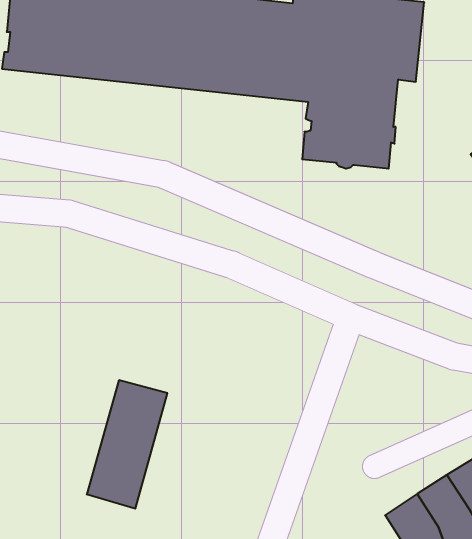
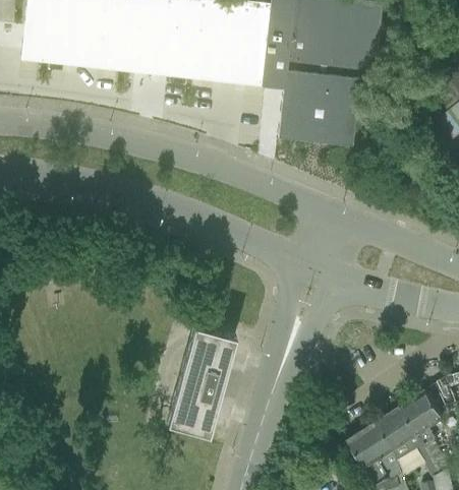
building: [87,380,167,509] -> [166,324,235,434]

